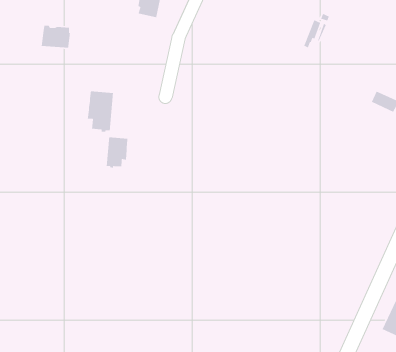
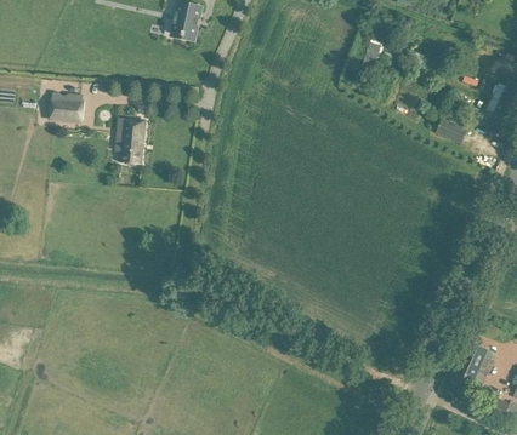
building: [41,25,71,49] -> [49,92,83,119]
building: [106,137,128,168] -> none

